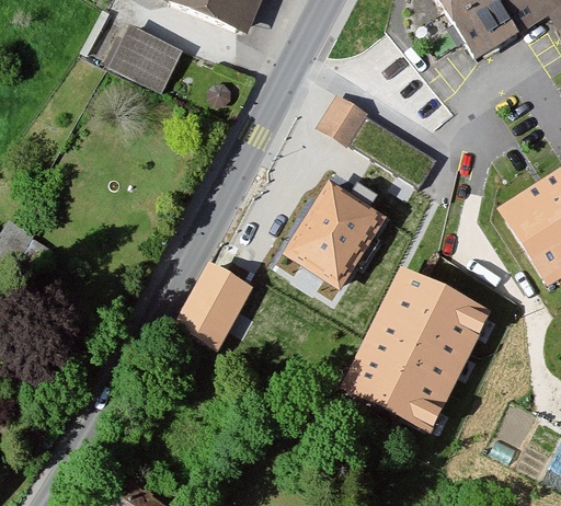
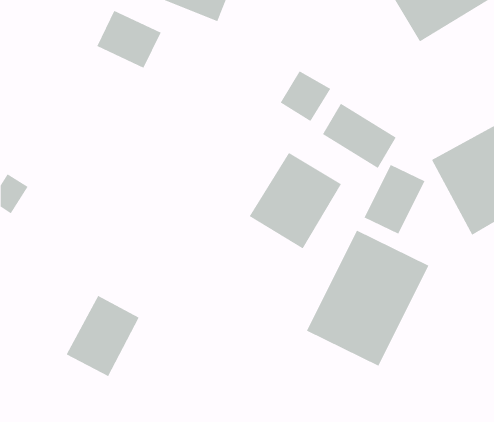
building: none -> [322,103,397,169]
building: none -> [364,164,425,234]
building: [173,260,256,352] -> [66,295,140,377]

